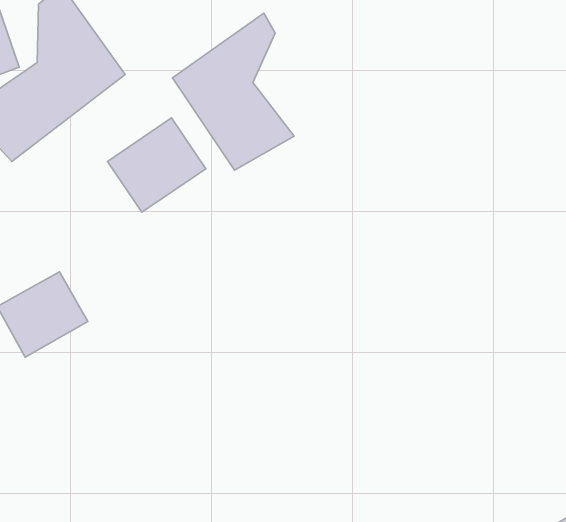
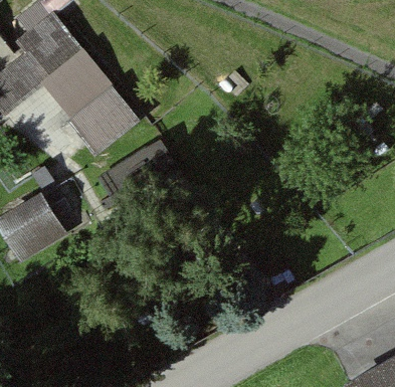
building: [172,13,294,170] -> none

